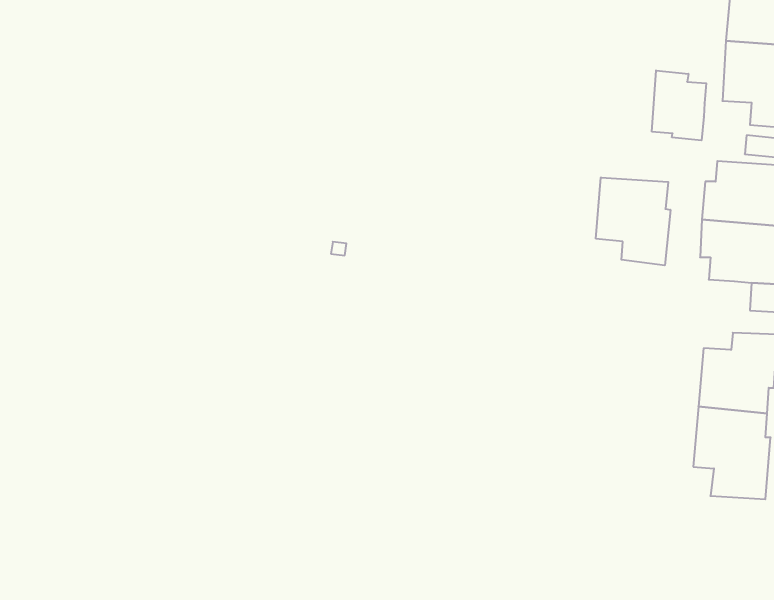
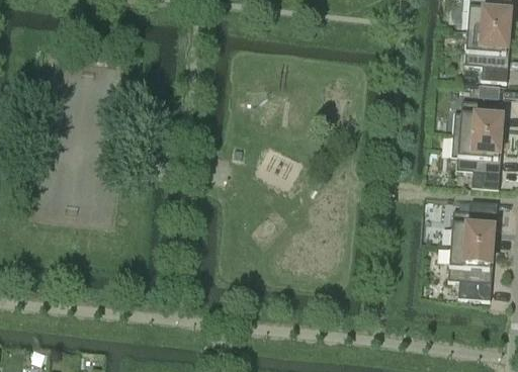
building: [652,70,706,140] -> none
building: [596,177,670,265] -> none

